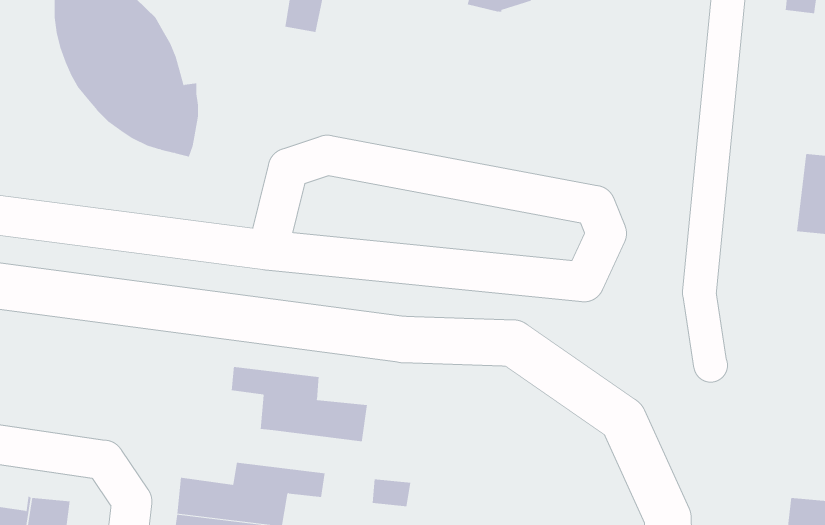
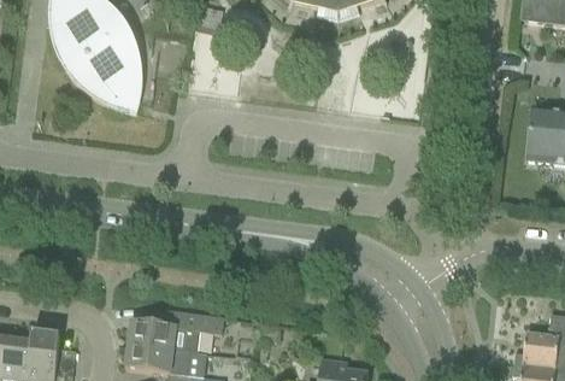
building: [231,366,368,442] -> none

